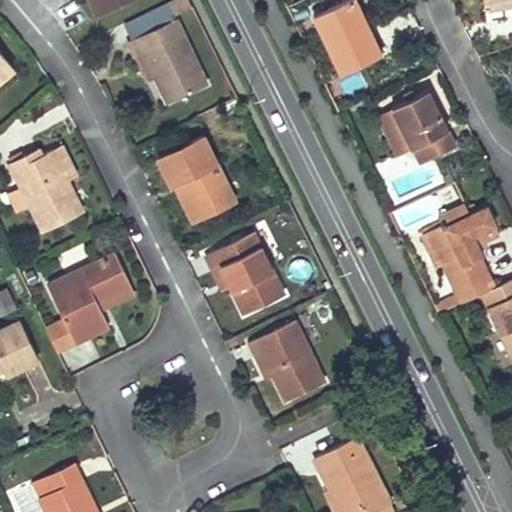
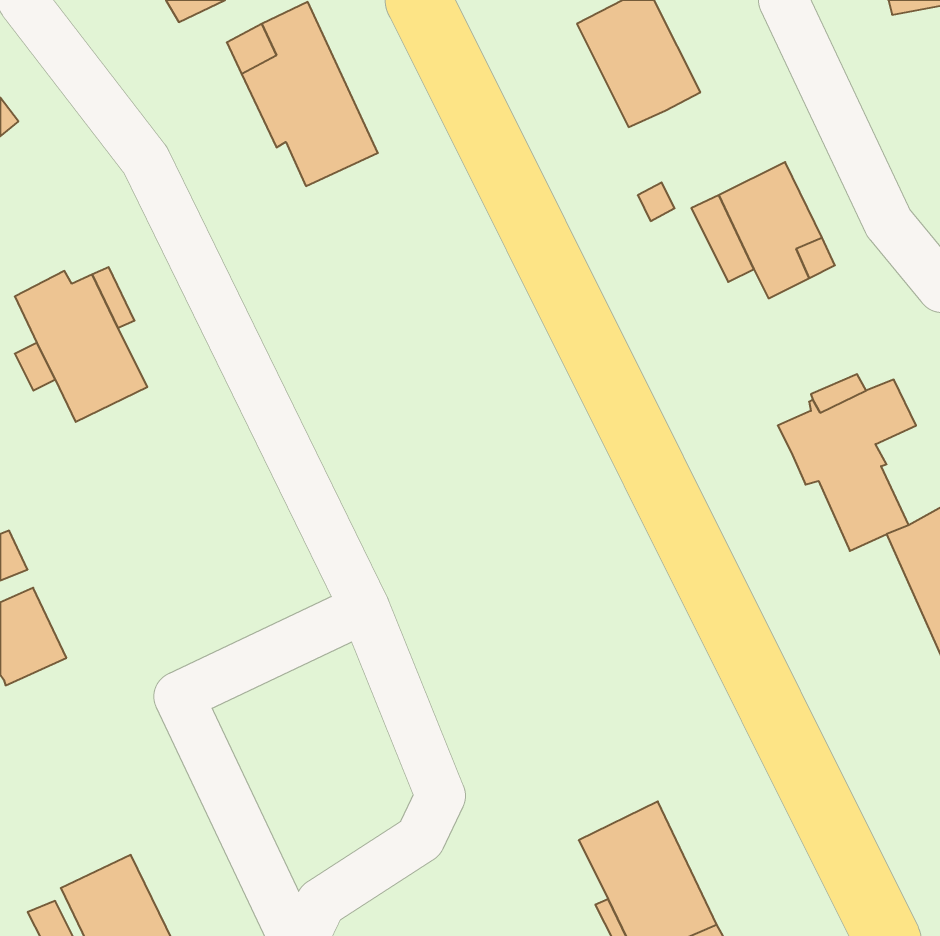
building: [158,138,234,224] -> none
building: [206,234,283,315] -> none
building: [46,254,133,345] -> none
building: [250,322,324,401] -> none

